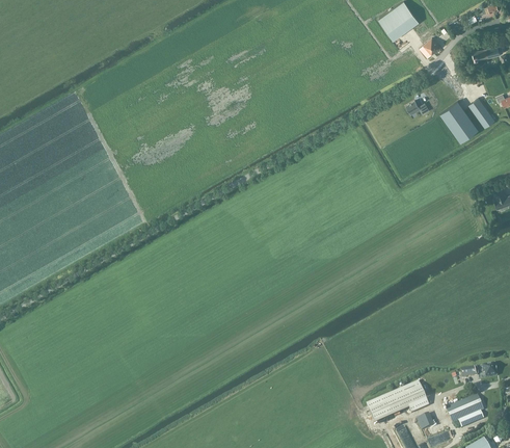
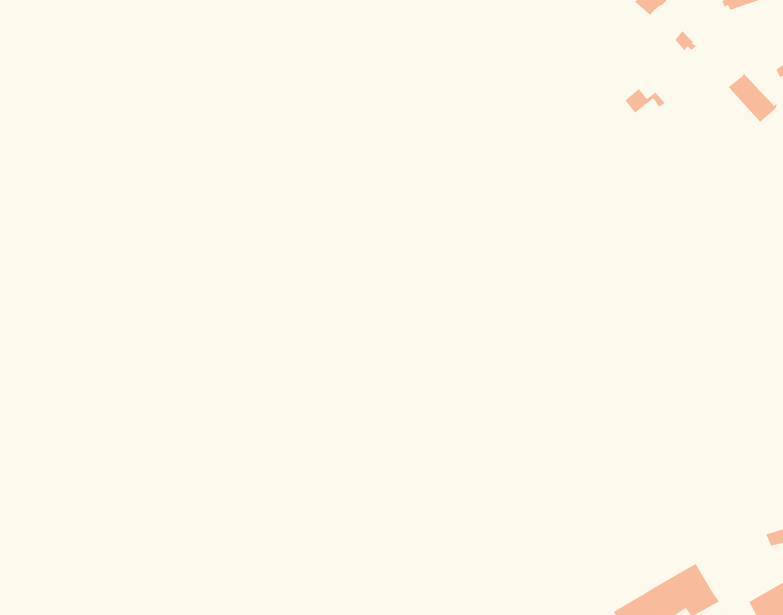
building: [439,101,478,142] -> none

